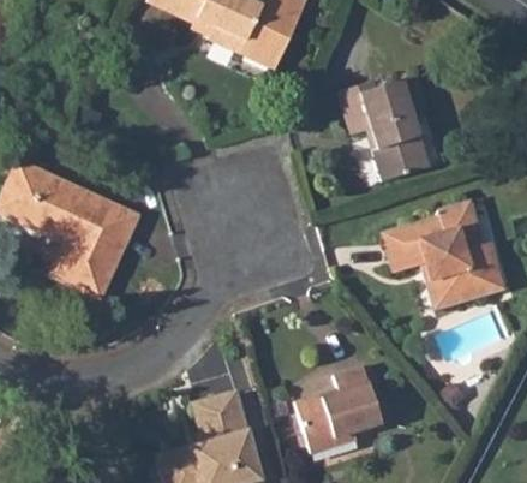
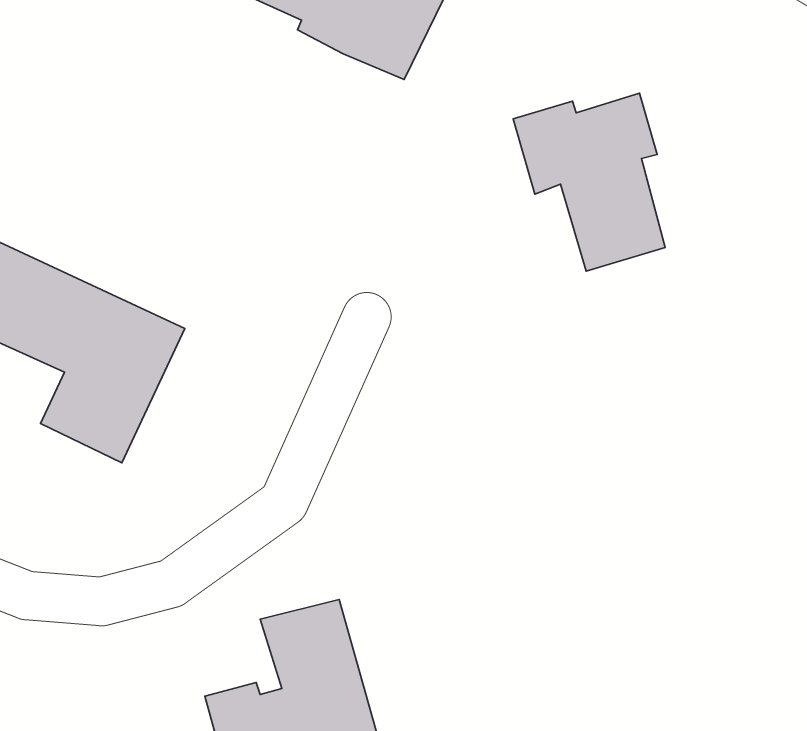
building: [383,197,508,305] -> none
building: [292,360,387,447] -> none

